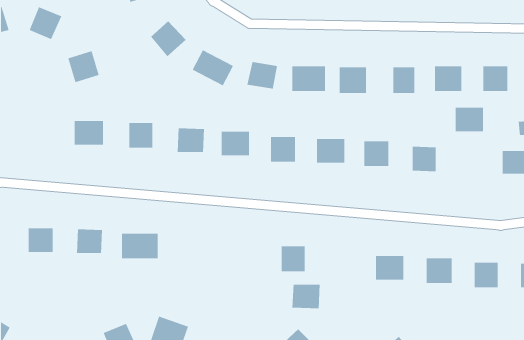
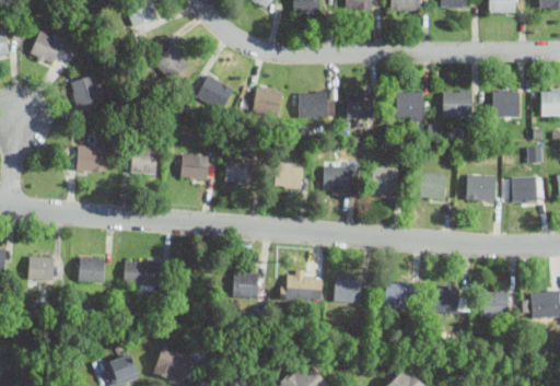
building: [455,107,484,132] -> [466,175,495,200]
building: none -> [233,276,255,297]
building: [292,284,321,309] -> [334,279,363,304]

